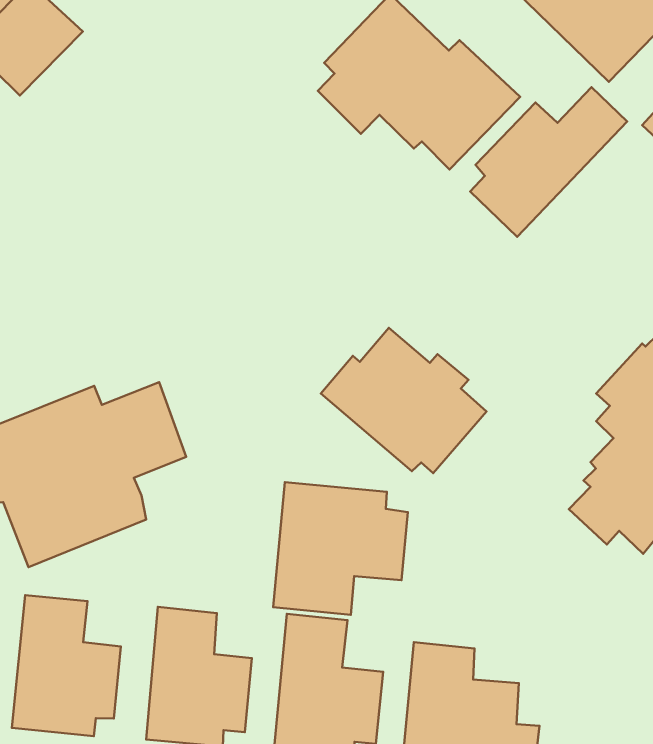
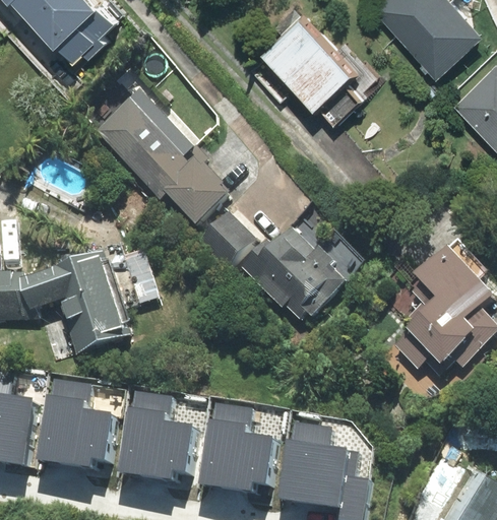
building: [470,87,627,237] -> none
building: none -> [96,89,230,224]
building: none -> [199,211,254,266]
building: [273,482,408,615] -> none

